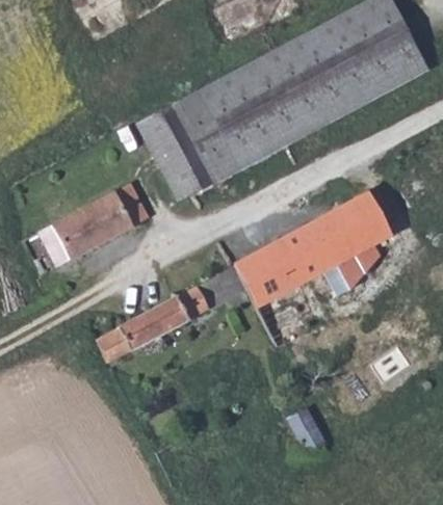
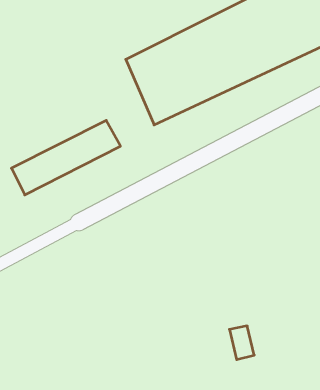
building: [152,101,206,188] -> none
building: [95,200,389,361] -> none

